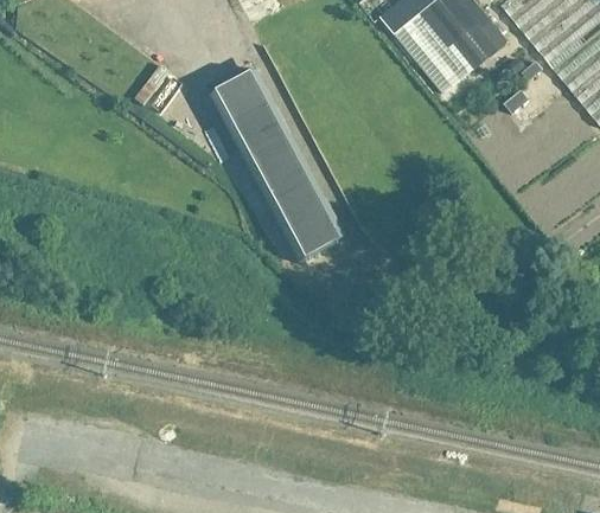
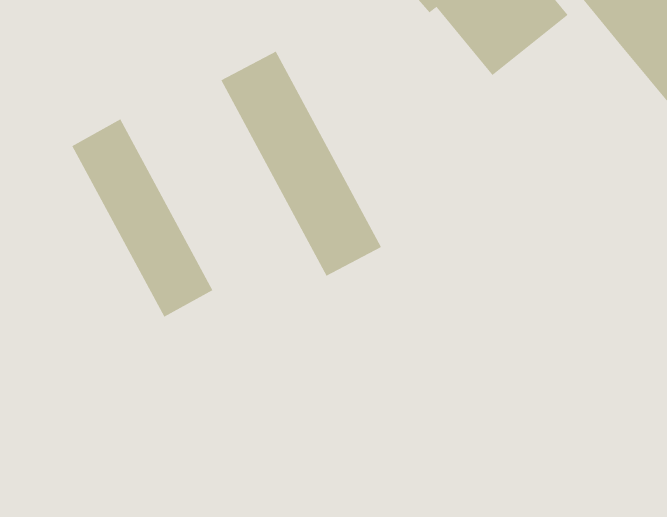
building: none -> [71,119,213,318]

